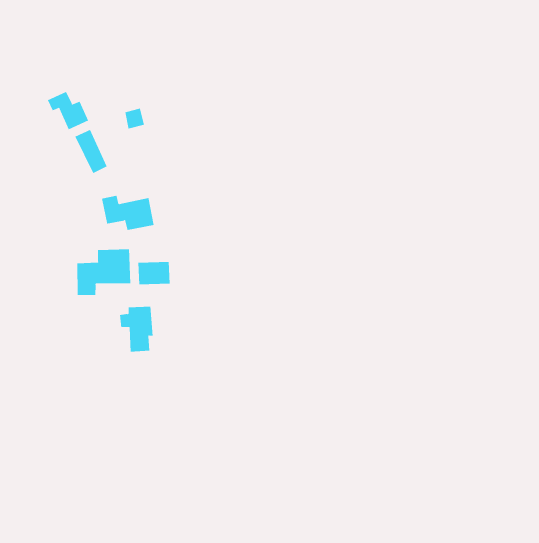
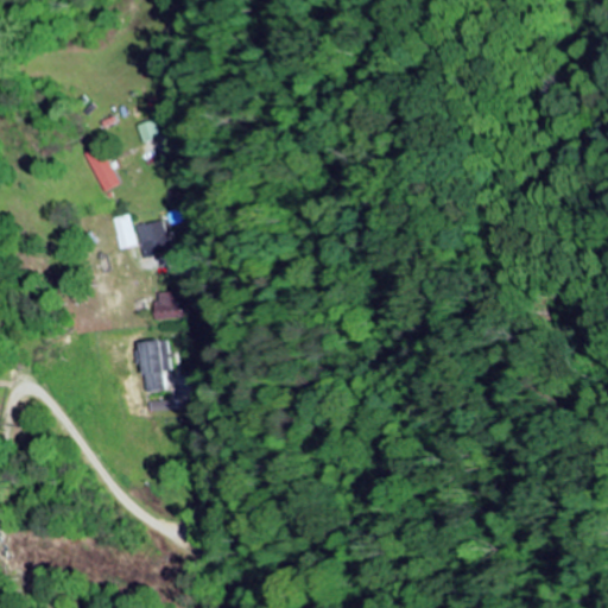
building: [47,91,89,130] -> none
building: [77,249,131,296] -> none

